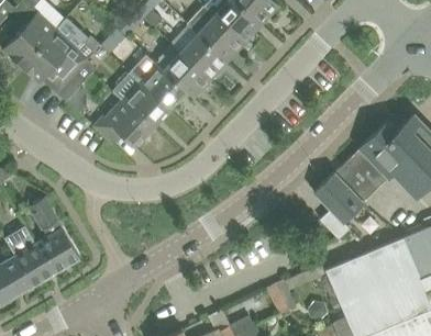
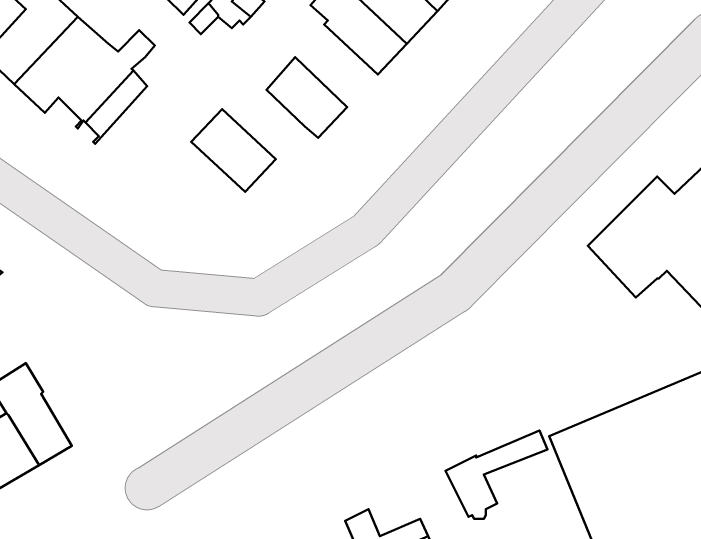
building: [180,34,228,81] -> none
building: [130,55,186,111] -> none
building: [93,101,152,147] -> none
building: [313,160,375,239] -> none
building: [29,198,80,275] -> none

